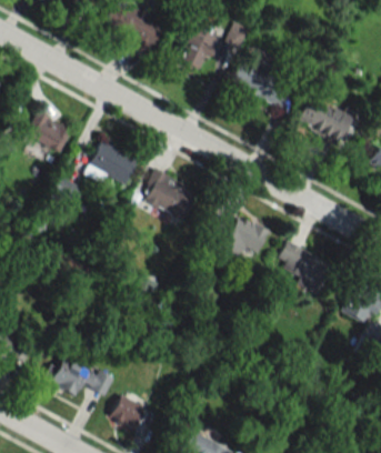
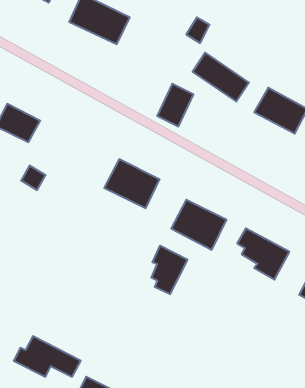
building: [181,27,219,71] -> [157,84,193,126]
building: [89,142,139,185] -> none
building: none -> [151,246,187,294]

